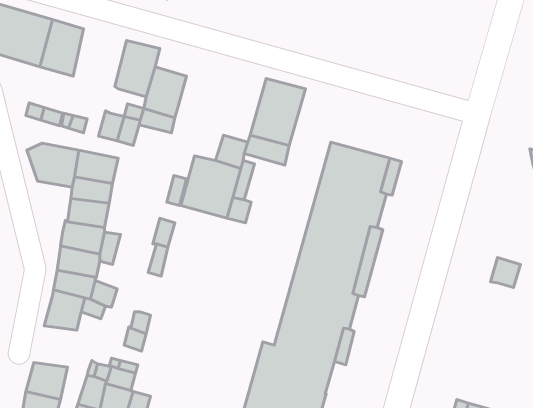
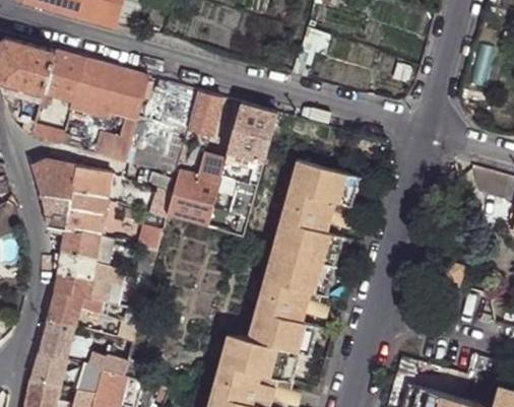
building: none -> [70,59,118,117]
building: none -> [187,90,219,134]
building: none -> [40,193,70,228]
building: none -> [37,320,74,356]

